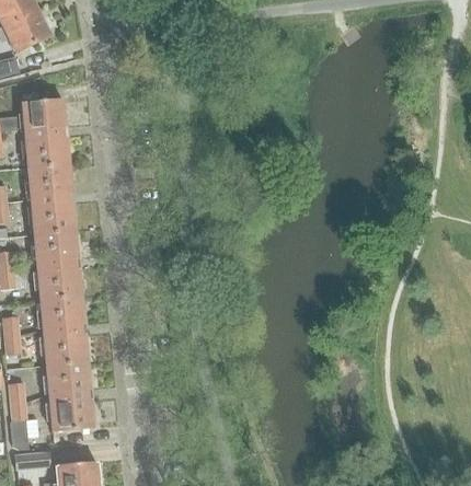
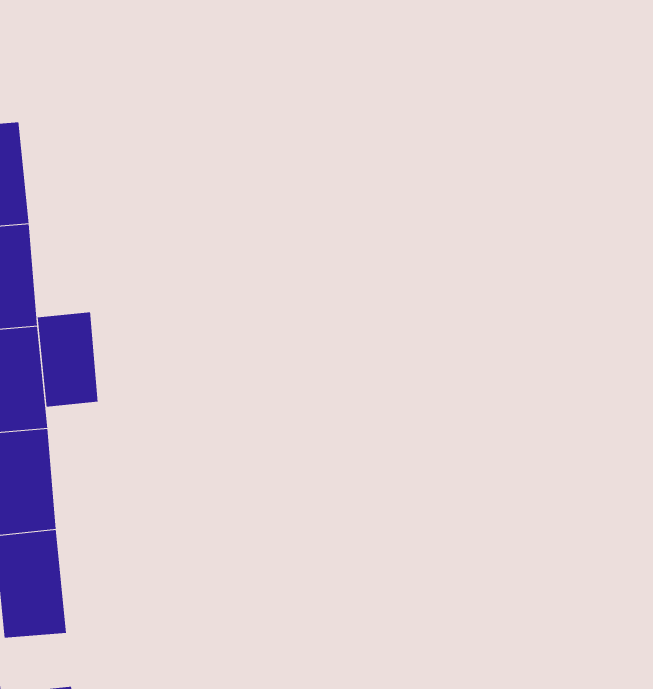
building: none -> [37,311,98,407]

